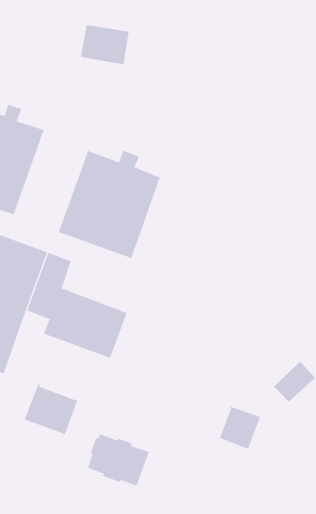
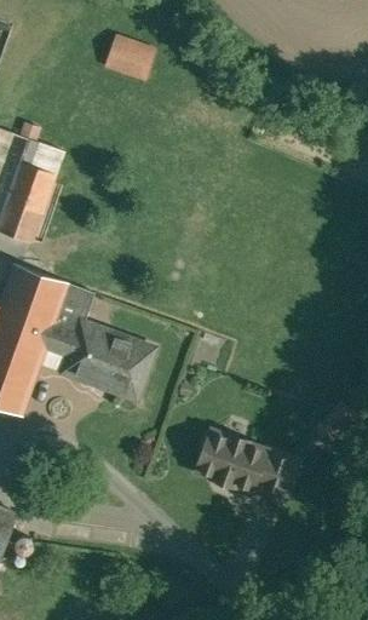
building: [58,150,160,259] -> none
building: [24,383,78,435] -> none
building: [87,433,150,486] -> [197,432,265,489]

